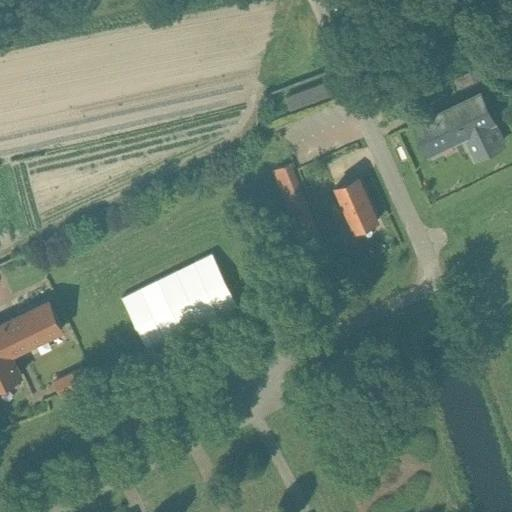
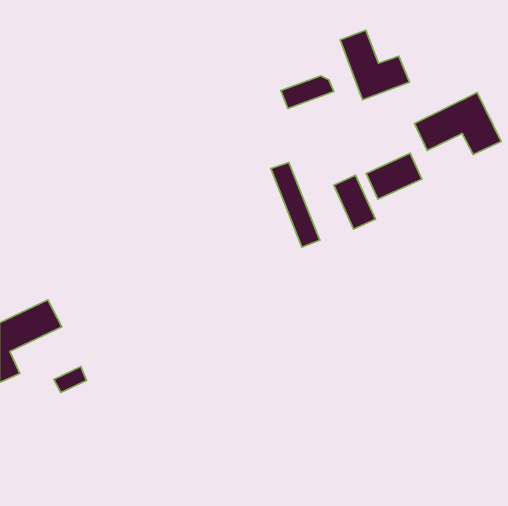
building: none -> [340,30,409,100]
building: none -> [366,153,422,199]
building: [121,256,237,354] -> none

